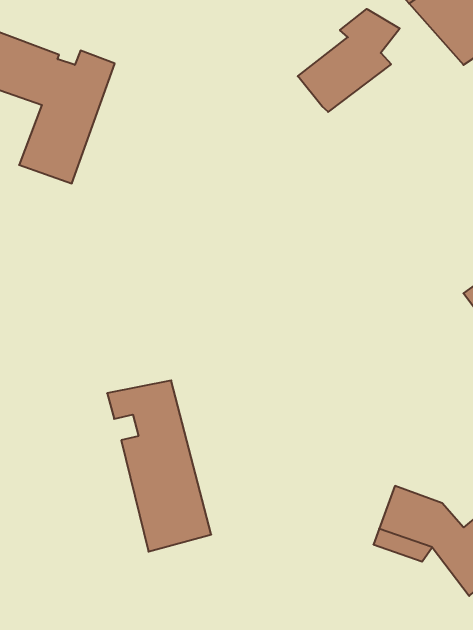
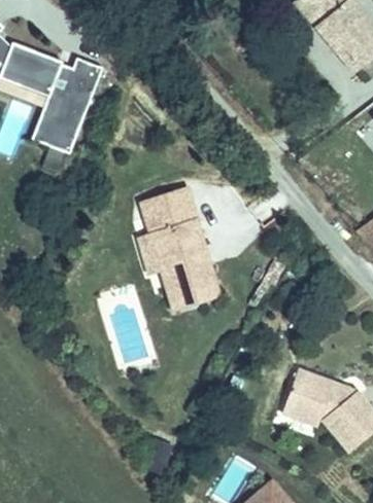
building: [298,9,400,112] -> none
building: [107,380,211,552] -> [141,189,216,313]

